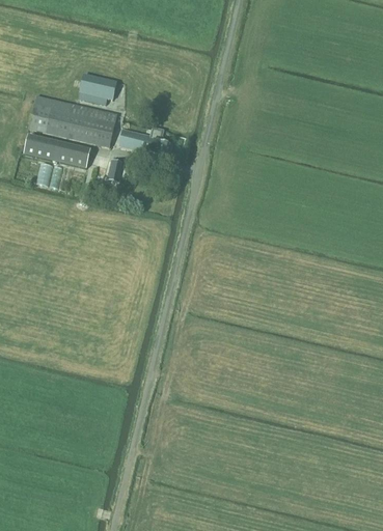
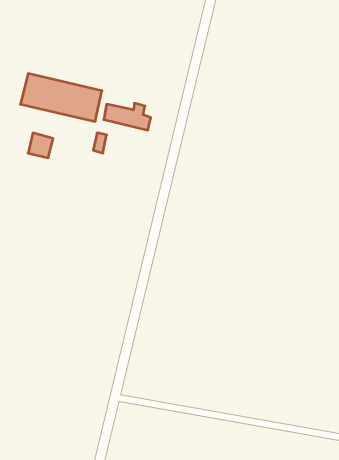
building: [77,74,116,105] -> none
building: [25,139,89,167] -> none

